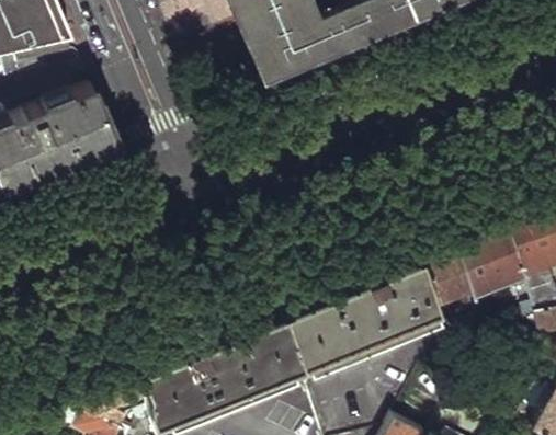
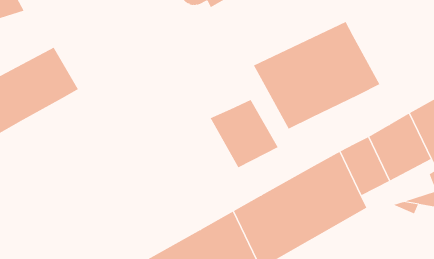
building: none -> [253,21,380,129]
building: none -> [210,99,278,168]

